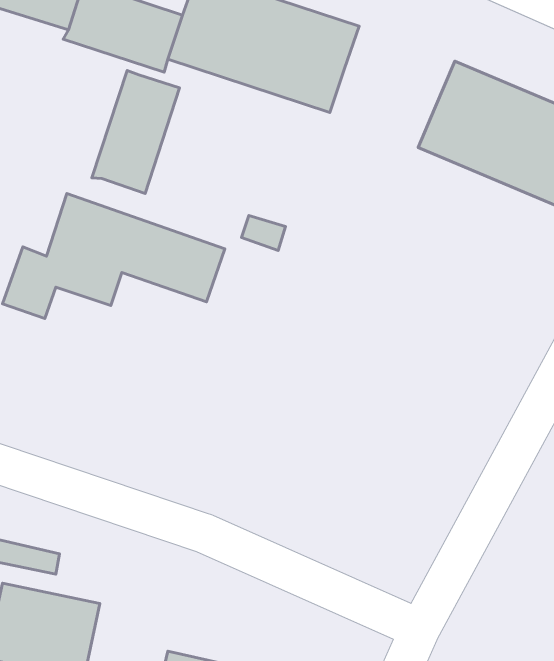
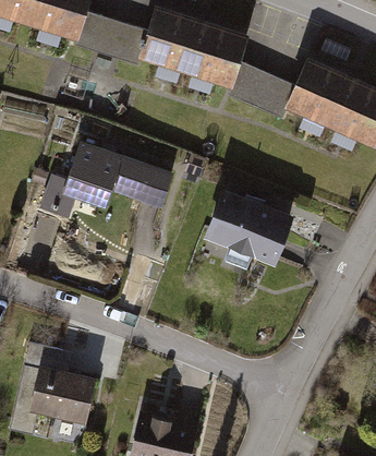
building: none -> [230,64,296,119]
building: [92,70,179,194] -> none
building: none -> [204,185,291,257]

